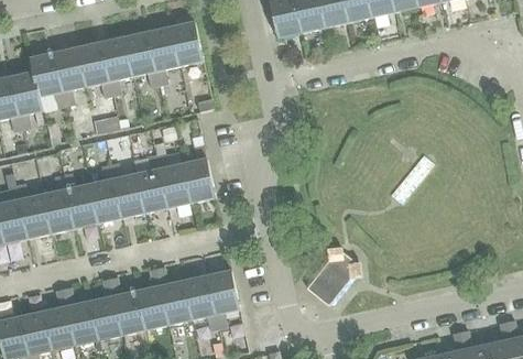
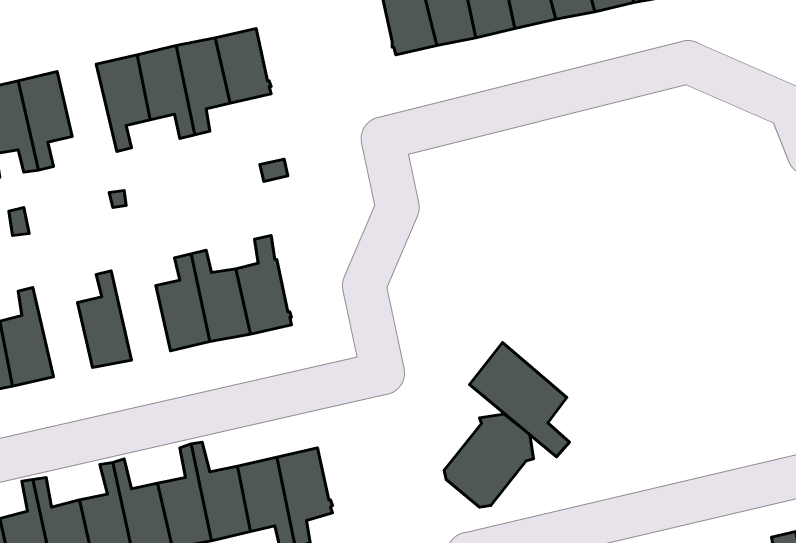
building: [76,43,111,97] -> none
building: [108,163,143,218] -> none
building: [62,174,97,228] -> none
building: none -> [470,342,570,457]

